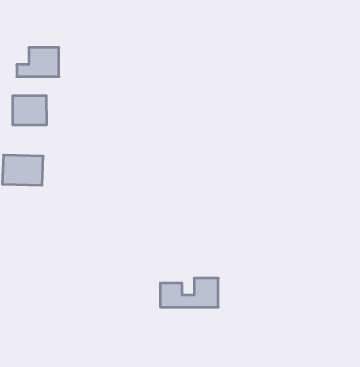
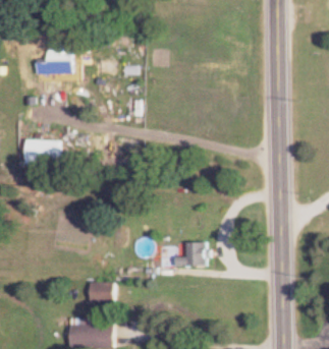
building: [13,96,46,125] -> none
building: none -> [90,282,112,302]

